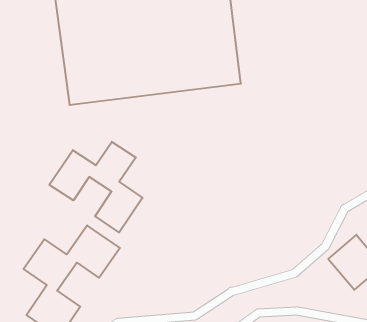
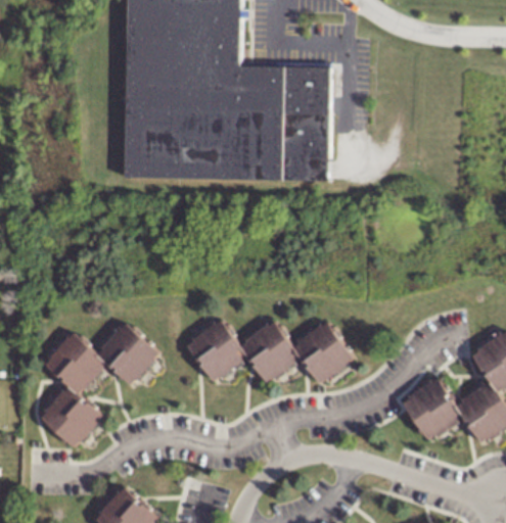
building: [49,142,143,232] -> none
building: none -> [185,319,354,383]

